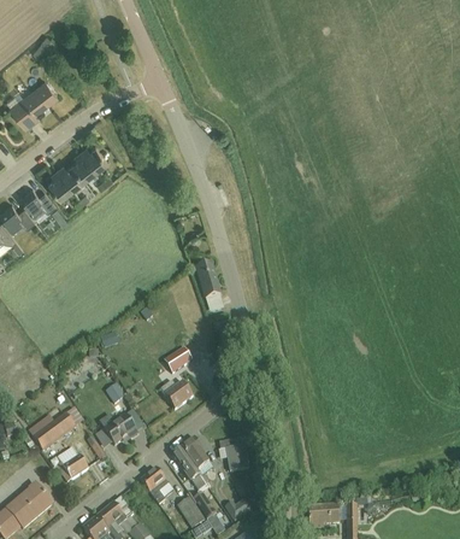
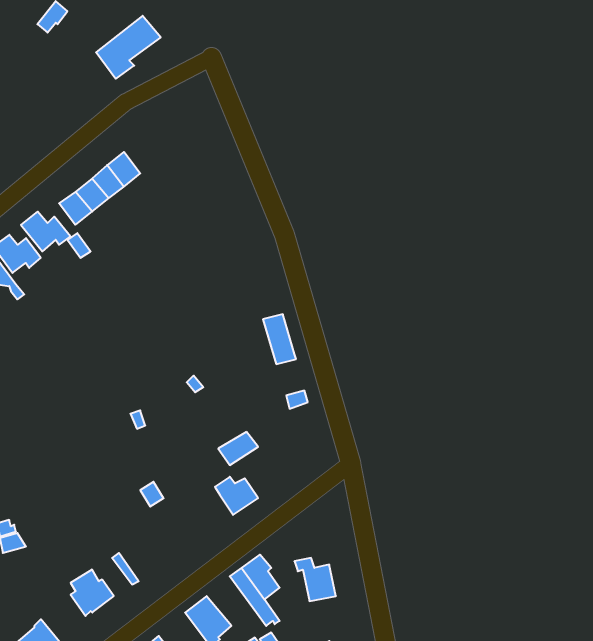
building: [11,80,58,125] -> [96,16,161,79]
building: [28,412,75,450] -> none
building: [100,412,138,444] -> none

